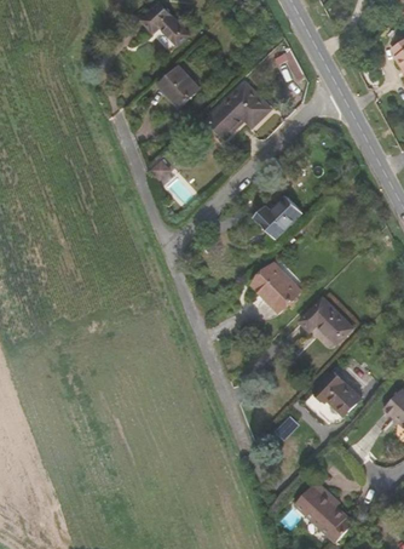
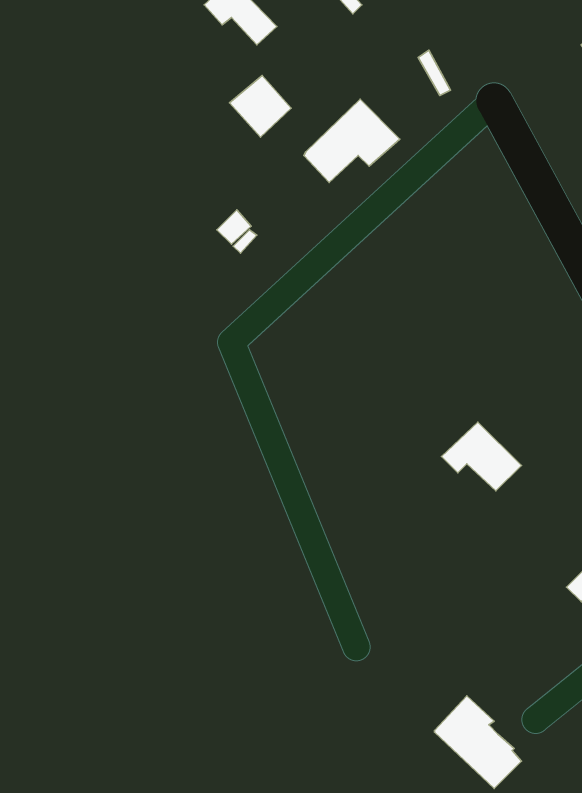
building: [254,196,301,239] -> none
building: [250,263,300,313] -> none
building: [313,371,360,417] -> none

